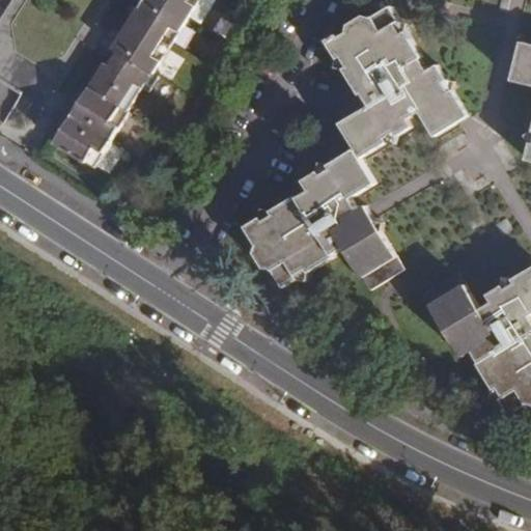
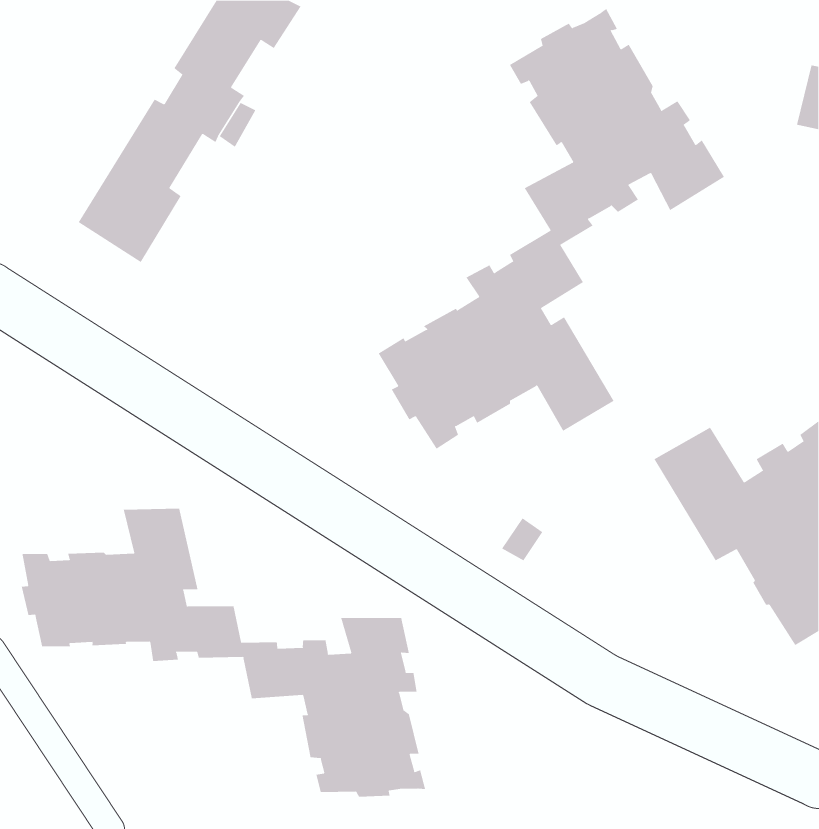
building: none -> [21,508,426,798]

